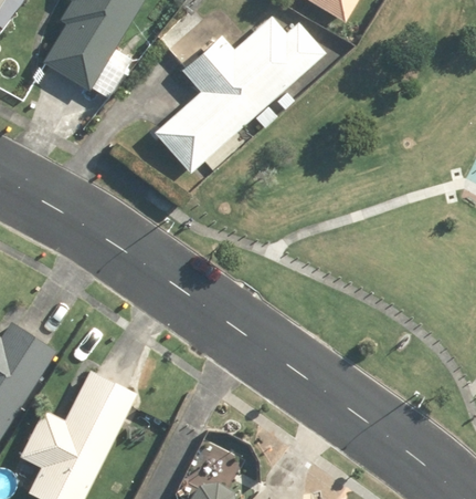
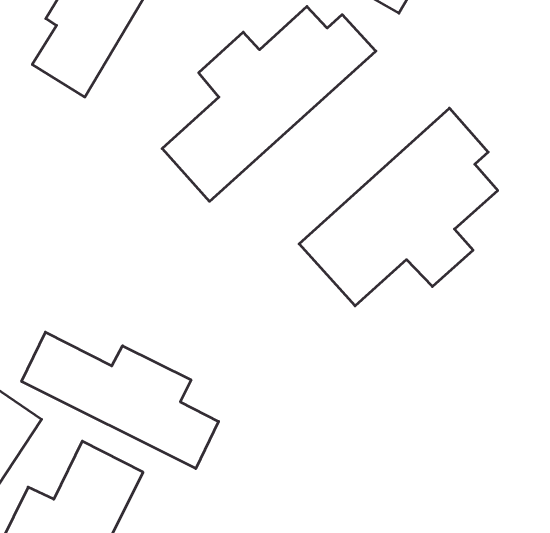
building: none -> [299,108,498,306]
building: none -> [22,332,219,469]

